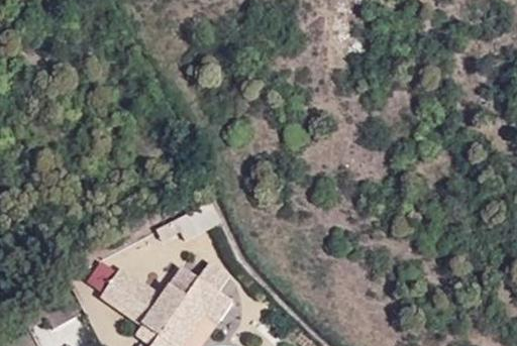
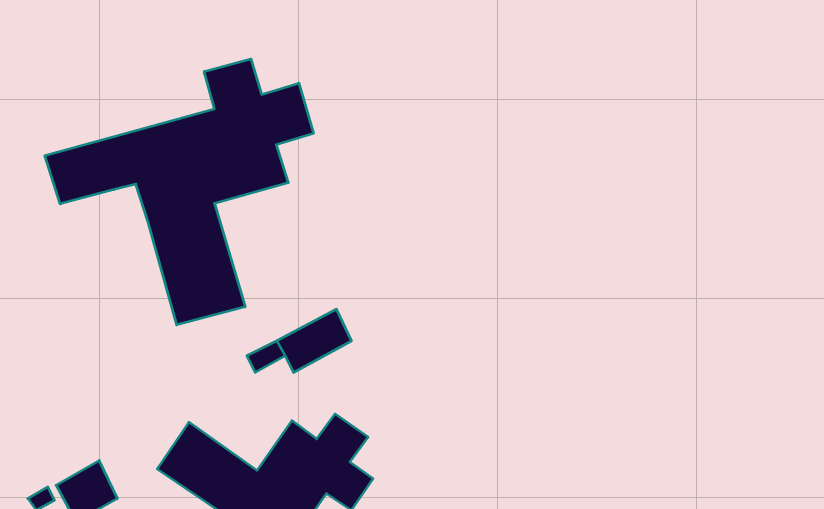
building: none -> [45,59,313,325]

